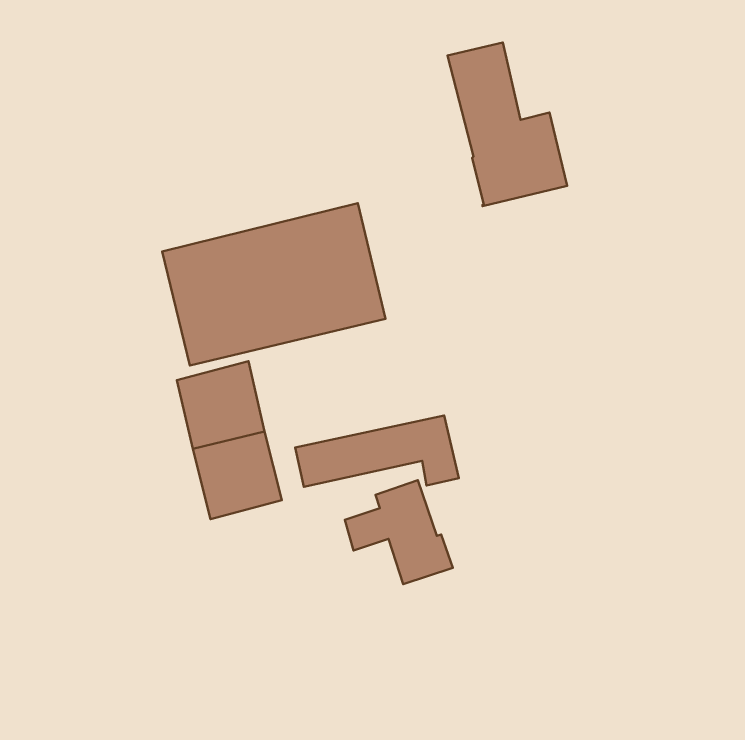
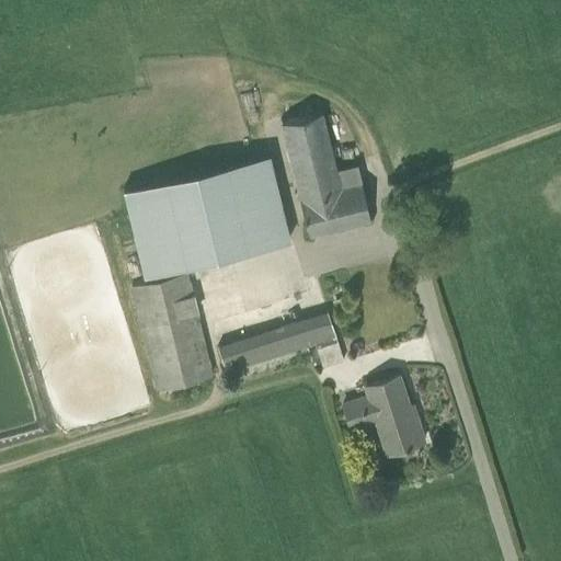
building: [447,42,567,206] -> [282,116,371,239]
building: [345,480,453,584] -> [344,379,425,457]

